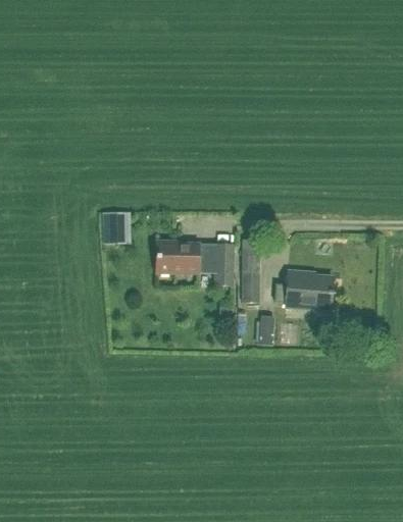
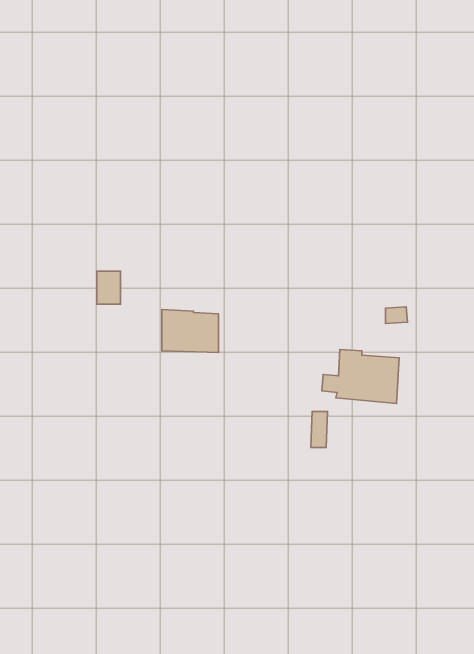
building: [242,239,259,302] -> none
building: [215,244,233,284] -> none

